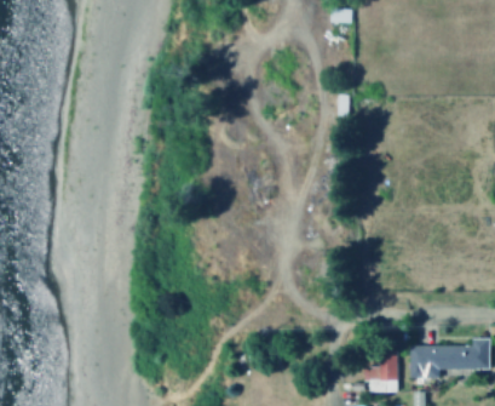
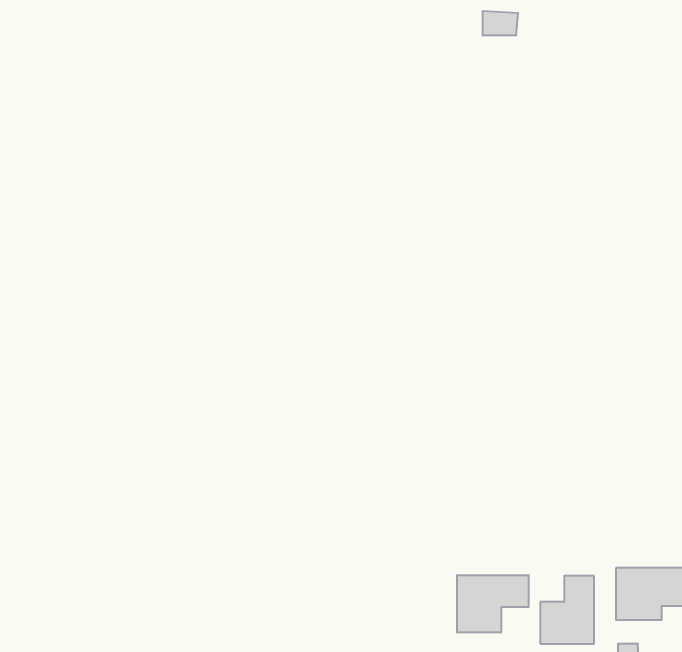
building: none -> [457,575,529,633]

